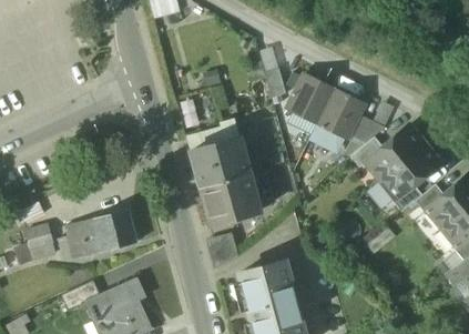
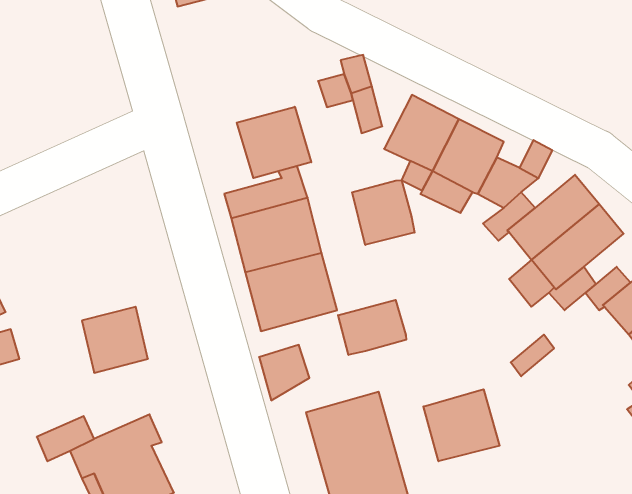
building: none -> [237,107,311,178]
building: none -> [352,180,415,245]
building: none -> [338,300,406,355]
building: [59,220,103,263] -> none
building: none -> [423,389,500,461]

